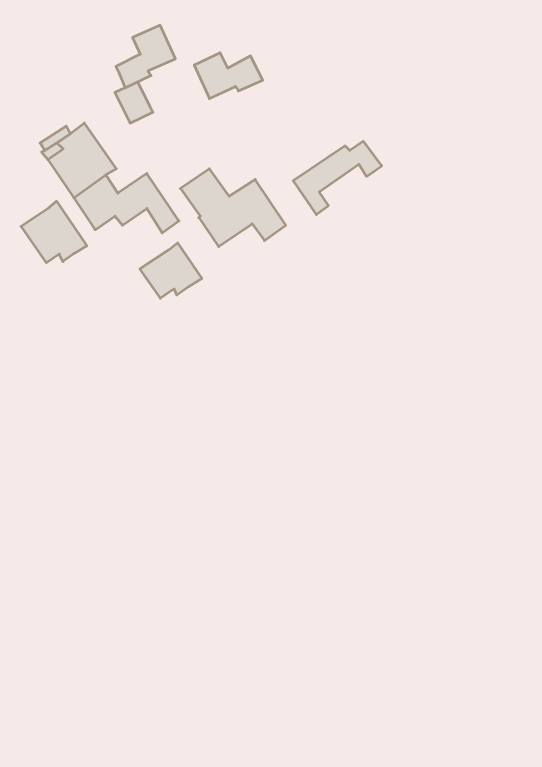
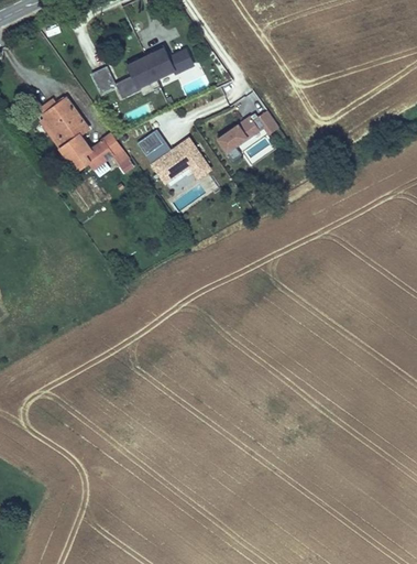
building: [116,25,175,88] -> [113,54,156,99]
building: [21,201,87,263] -> none
building: [140,243,202,298] -> none

